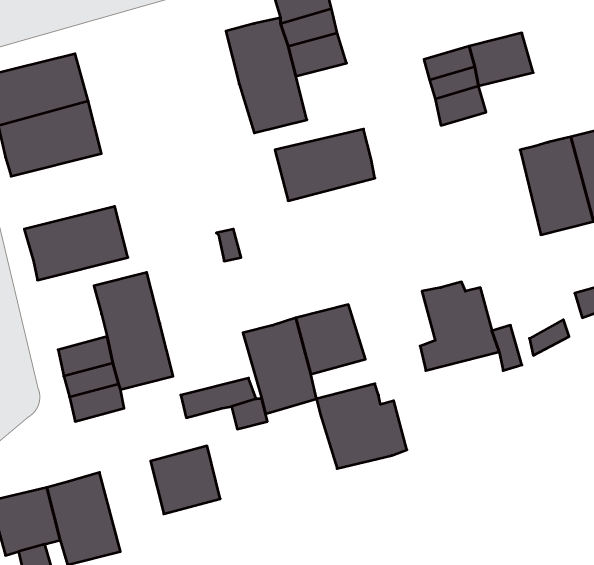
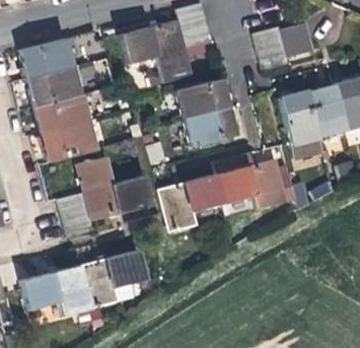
building: none -> [119,26,156,63]
building: none -> [279,90,322,157]
building: none -> [33,92,89,133]
building: none -> [183,106,237,147]
building: none -> [114,176,151,212]
building: [316,384,407,469] -> [213,157,262,203]
building: none -> [81,258,119,306]

